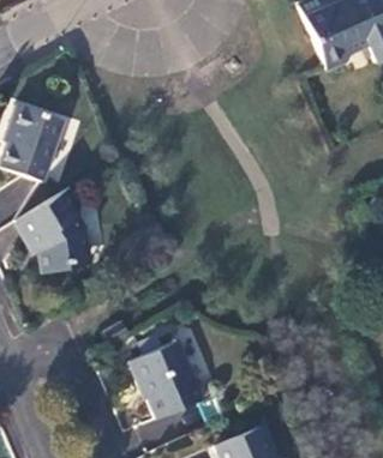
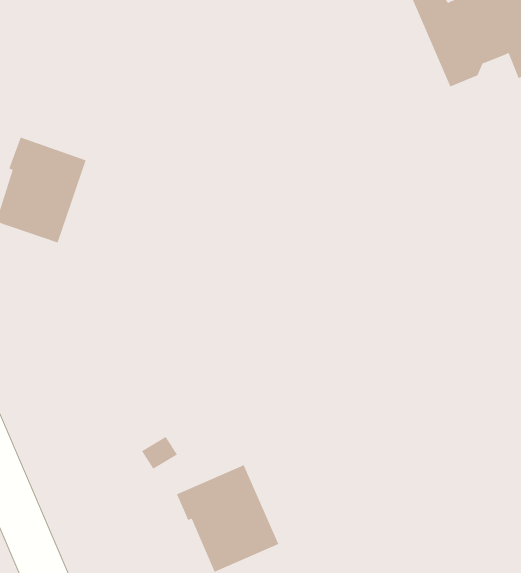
building: [16,186,89,272] -> none

